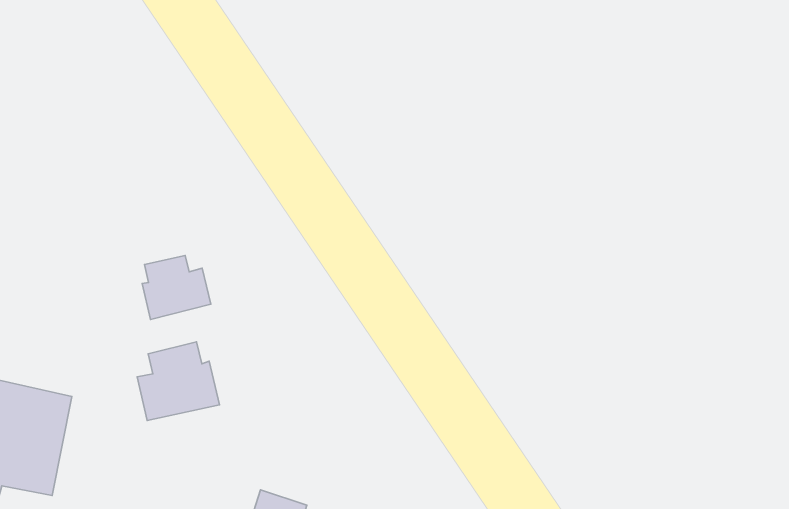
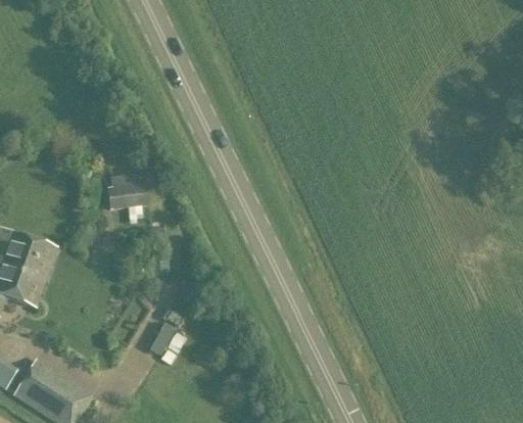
building: [137,342,220,421] -> none

